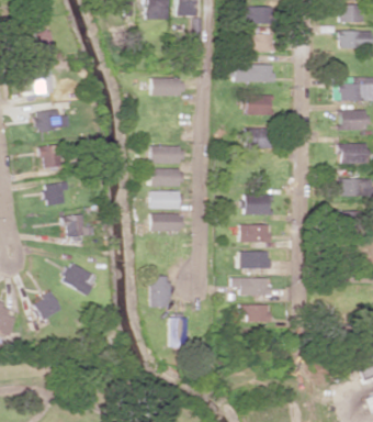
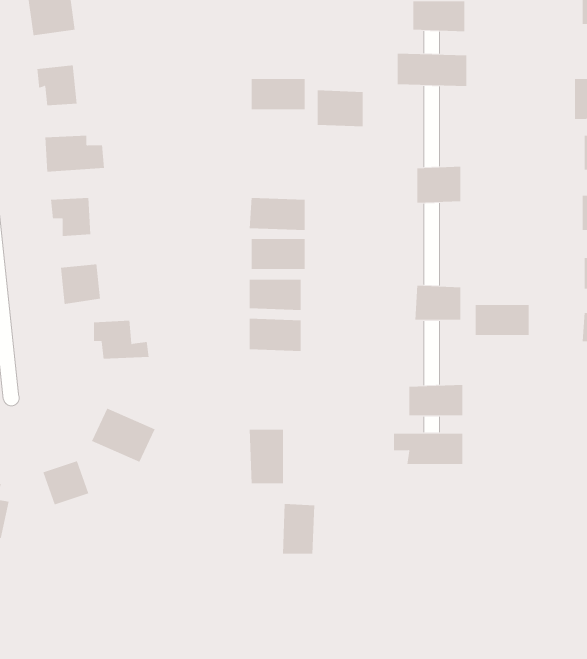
building: [245,95,271,115] -> [317,90,364,127]
building: [240,224,271,242] -> [475,304,529,336]
building: [240,304,270,322] -> none

